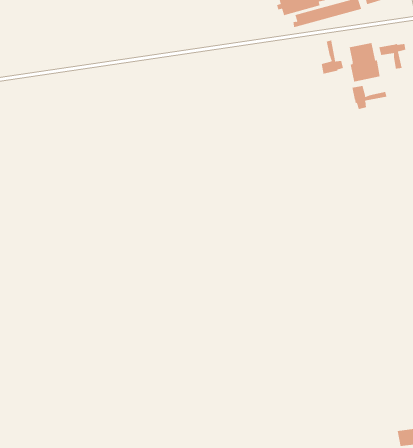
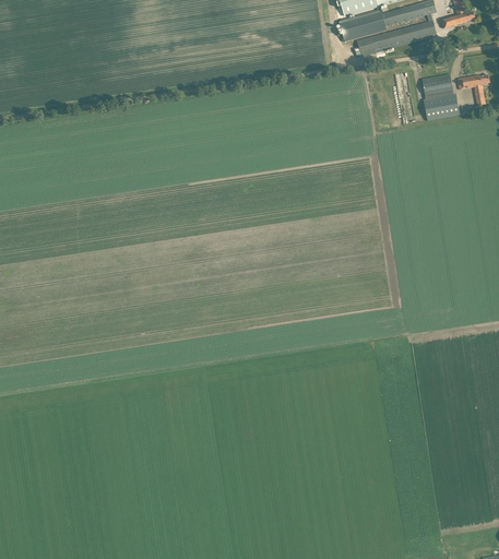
building: [321,39,343,74] -> none
building: [352,85,387,110] -> none

